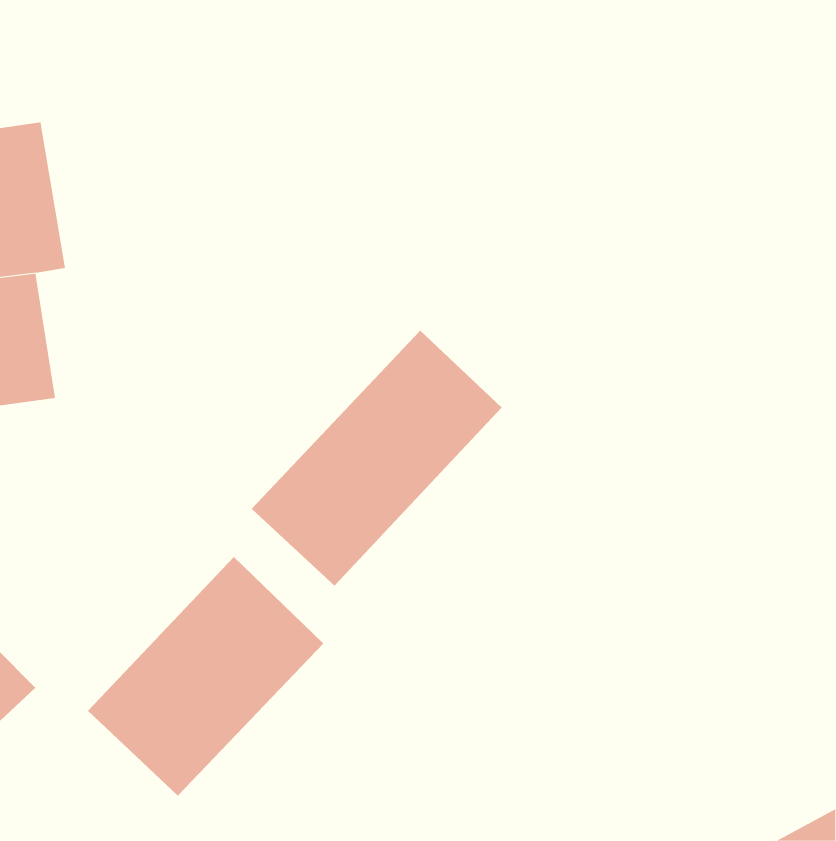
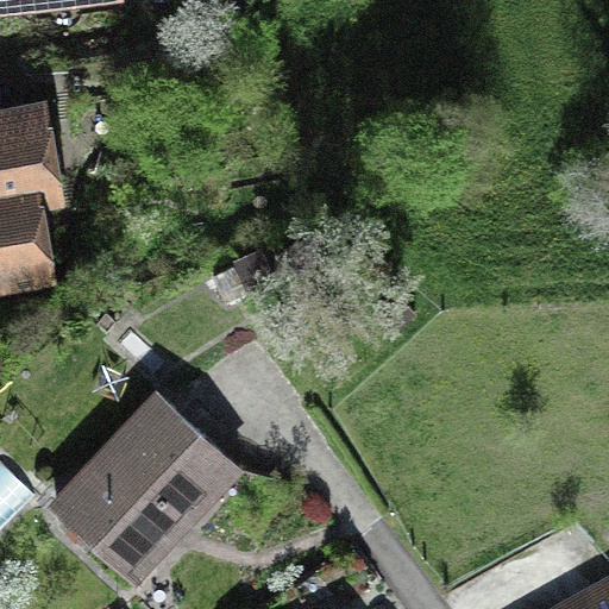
building: [251,330,502,586] -> none

